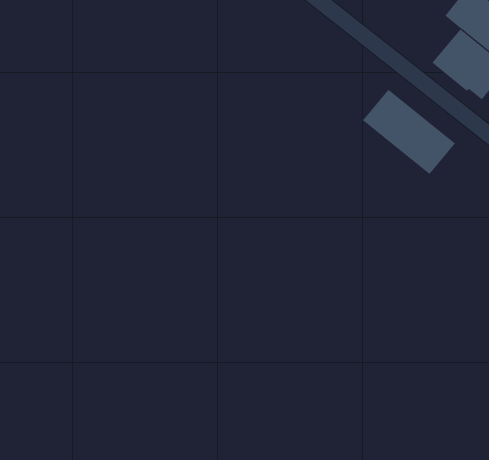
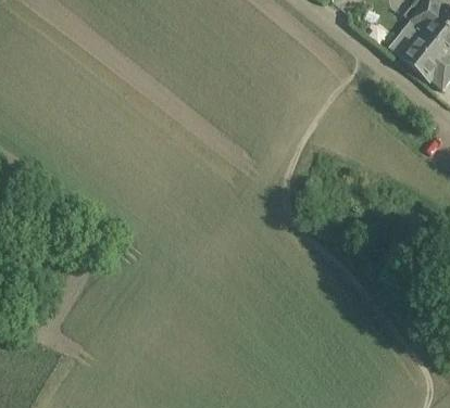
building: [362,89,456,175] -> none

